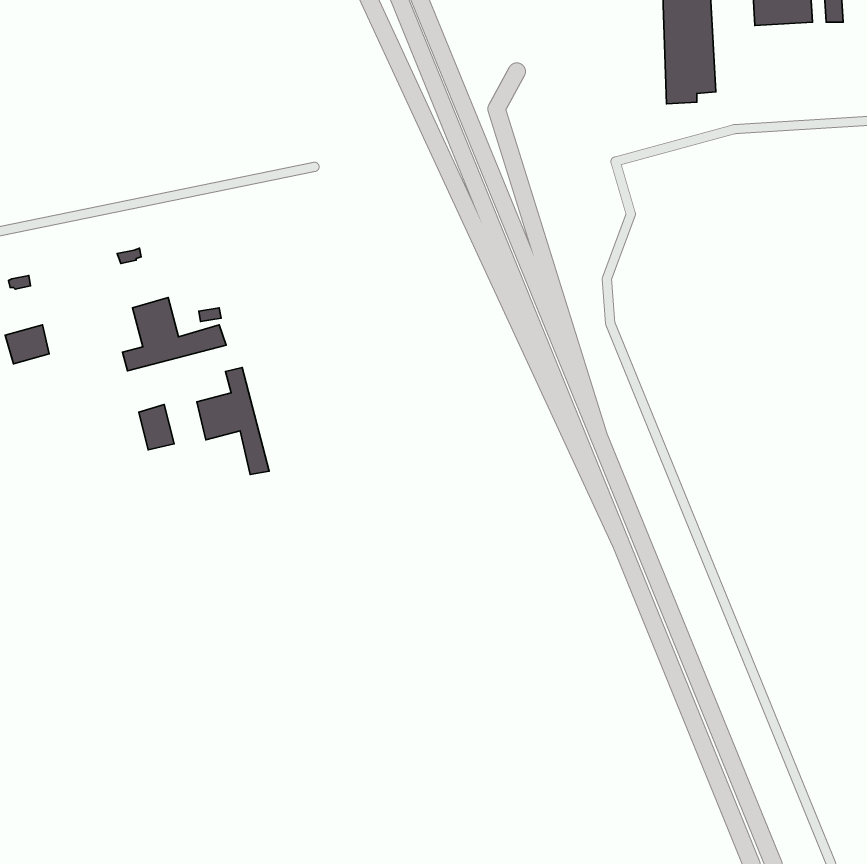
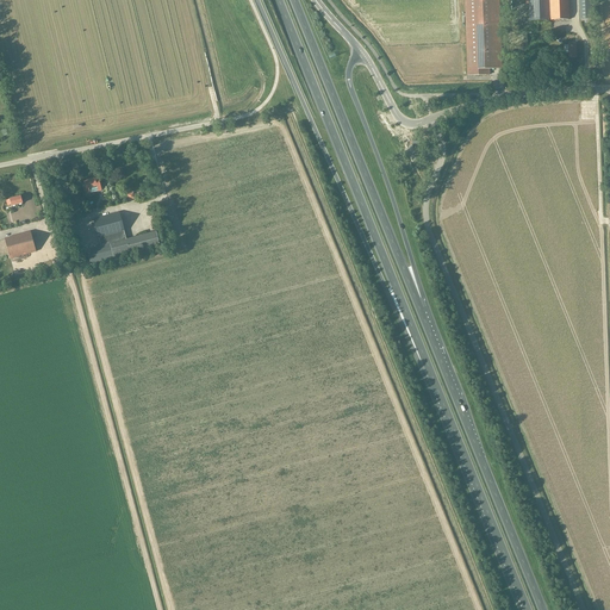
building: [197,367,269,474] -> none
building: [139,404,174,450] -> none

